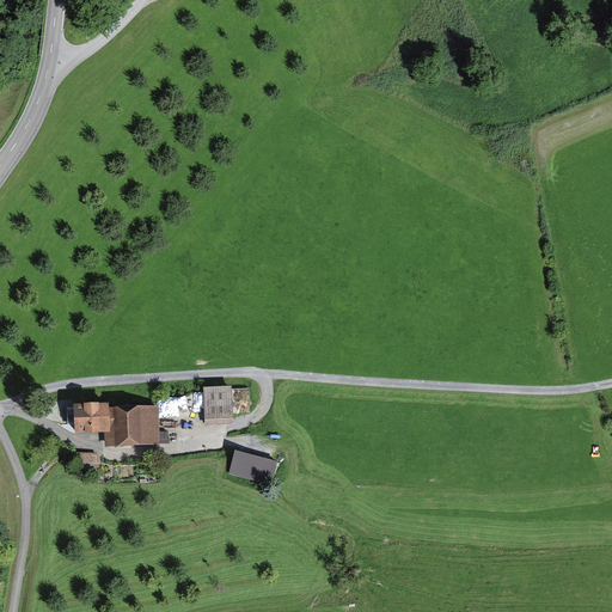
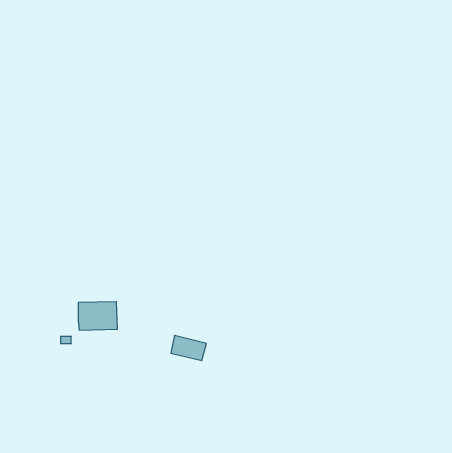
building: [203,387,231,418] -> none
building: [75,403,105,430] -> none

